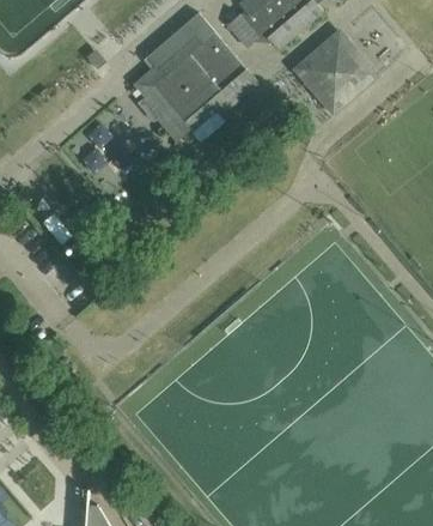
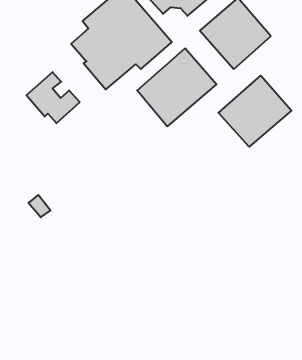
building: none -> [137,48,216,126]
building: none -> [218,76,291,147]

